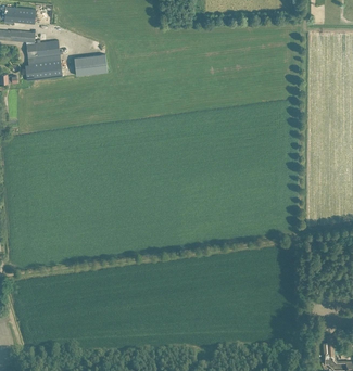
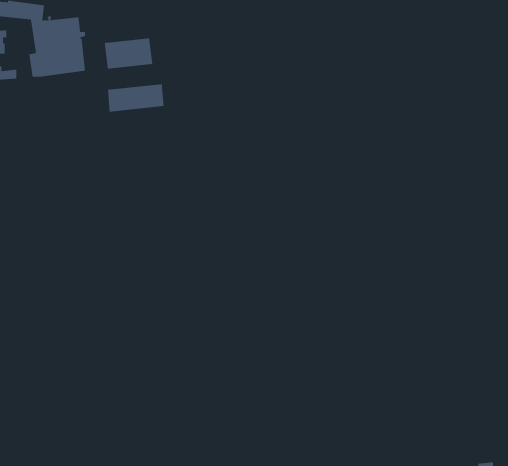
building: none -> [107,83,164,112]

